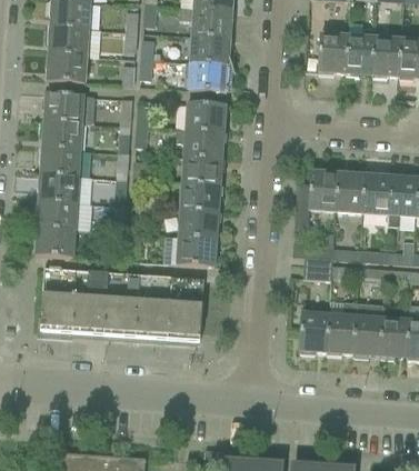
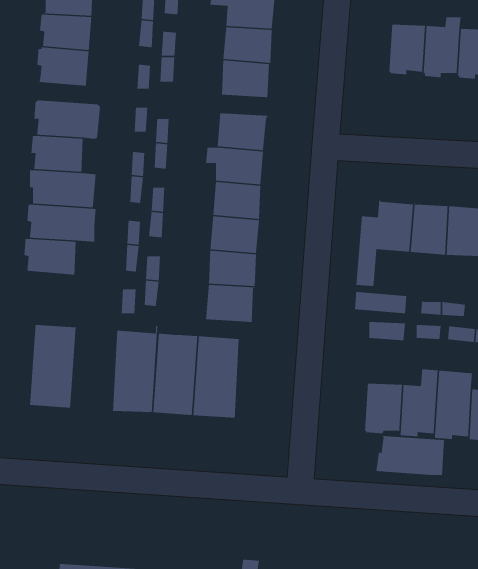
building: [34,227,76,257] -> none
building: [72,270,108,335] -> none
building: none -> [376,435,445,476]

